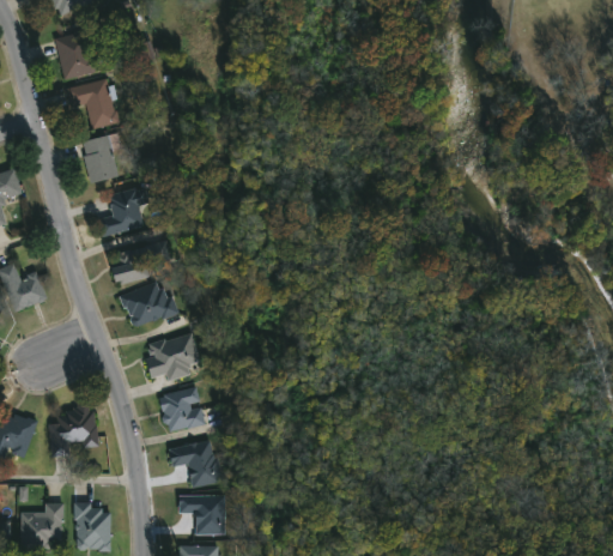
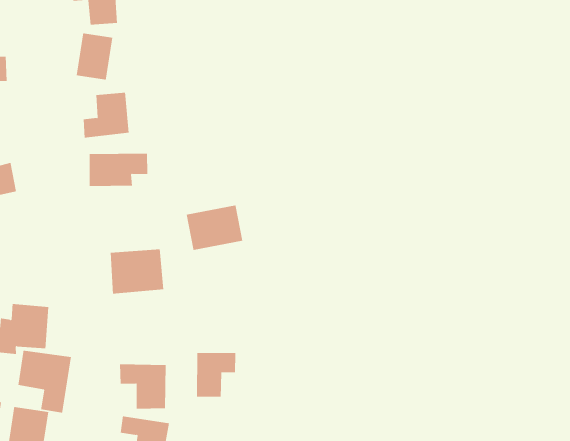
building: [119,278,177,328] -> [186,205,243,251]
building: [158,386,204,431] -> none
building: none -> [197,352,236,397]
building: none -> [18,350,71,413]

